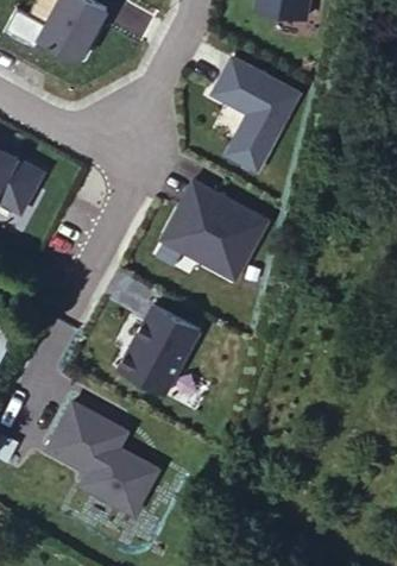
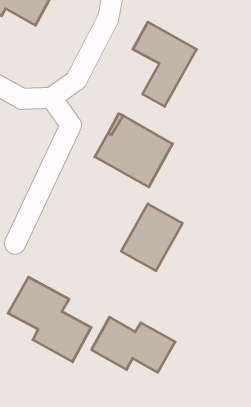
building: [121,291,203,382] -> [121,204,182,271]
building: none -> [92,317,175,372]

